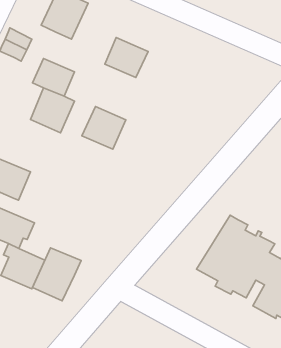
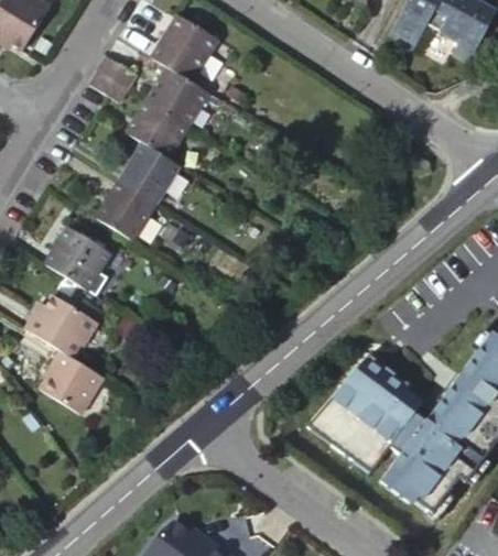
building: [105,37,148,77] -> [145,67,207,126]
building: [82,106,126,149] -> [91,182,154,243]
building: [32,248,81,301] -> none

